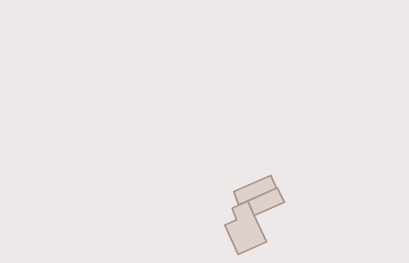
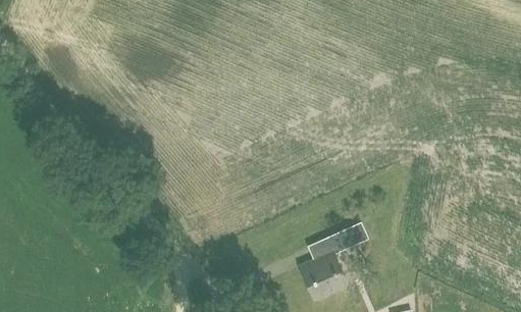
building: [234,175,277,205] -> none

